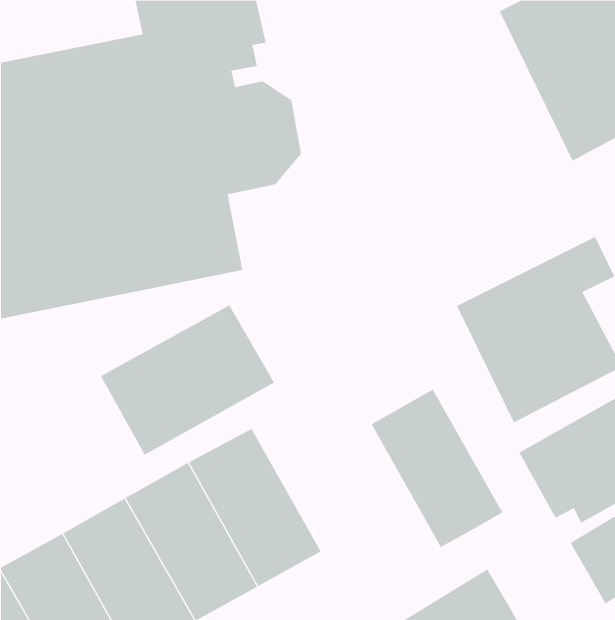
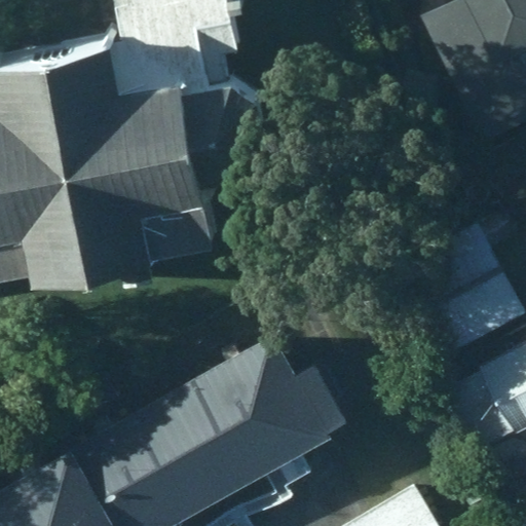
building: [100,304,275,455] -> none
building: [371,389,503,548] -> [220,334,331,467]

